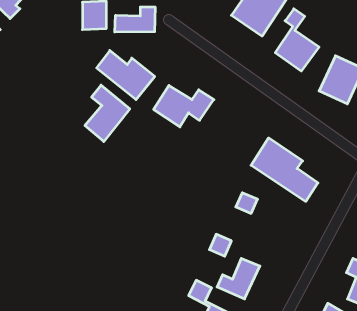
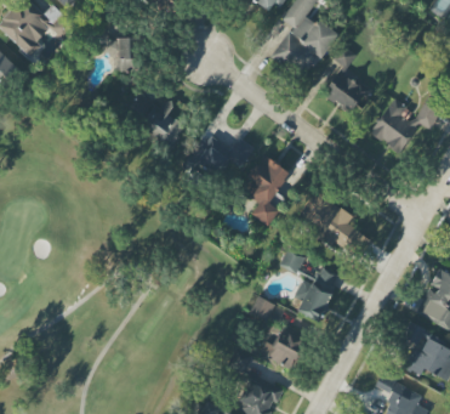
building: [115,7,155,32] -> none
building: [85,85,130,142] -> none
building: none -> [246,153,292,226]
building: none -> [297,267,340,321]

